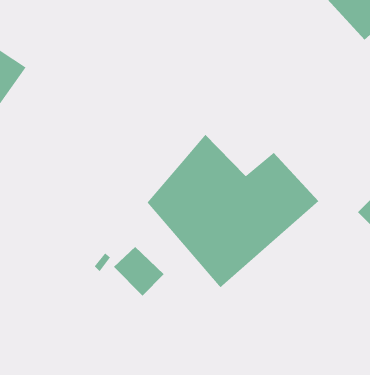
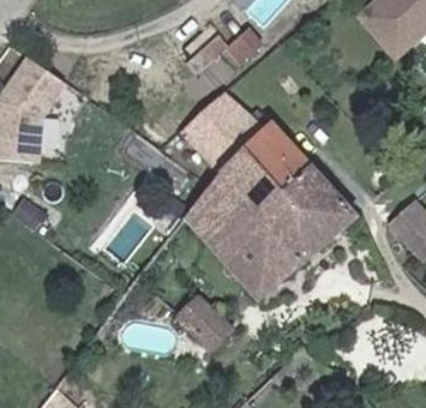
building: none -> [181,92,311,184]
building: [113,246,165,296] -> [184,299,234,348]

